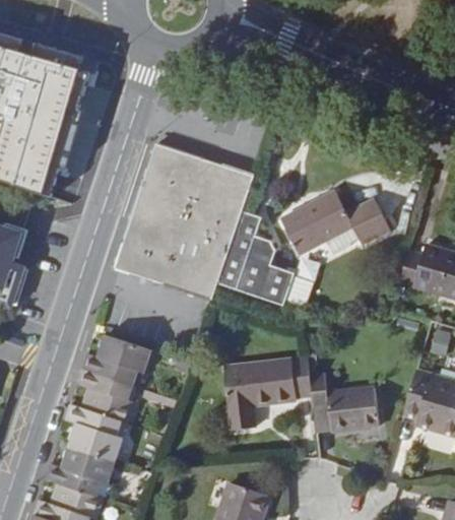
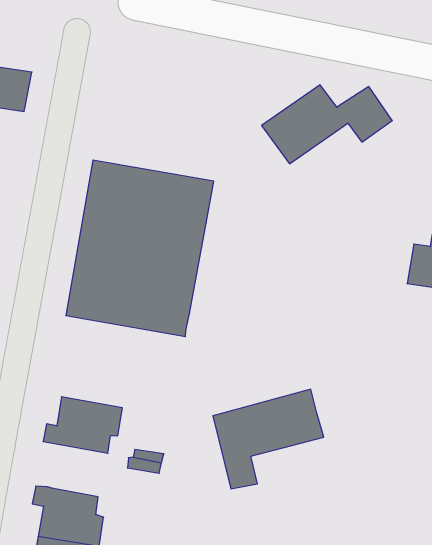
building: [281,193,389,254] -> [262,85,392,164]
building: [217,209,295,304] -> none
building: [77,369,135,422] -> none
building: [310,377,378,434] -> none

